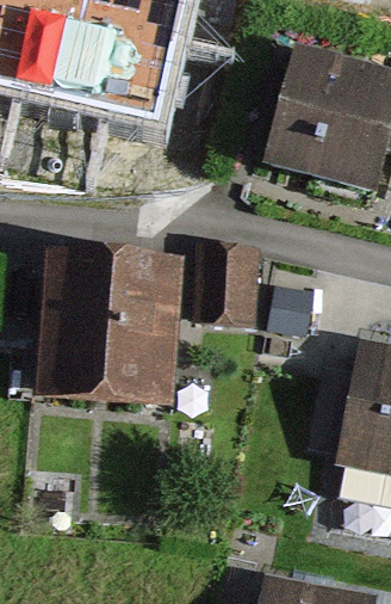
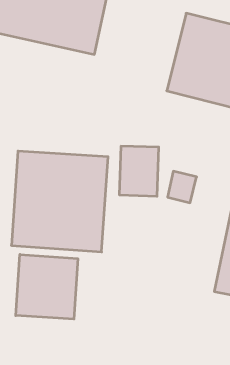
building: none -> [16,254,78,319]

